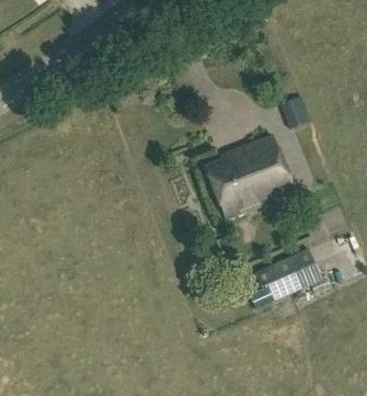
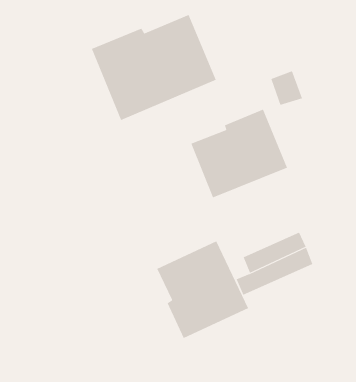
building: none -> [91,14,217,121]
building: none -> [156,240,249,339]

